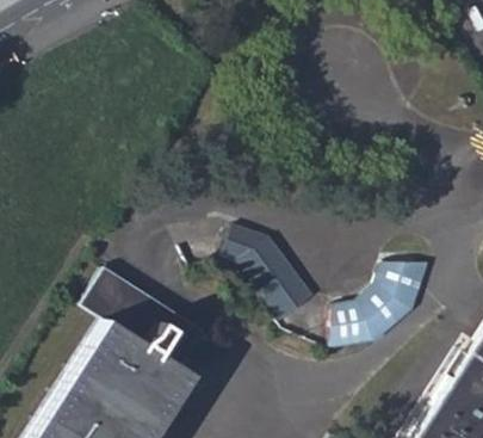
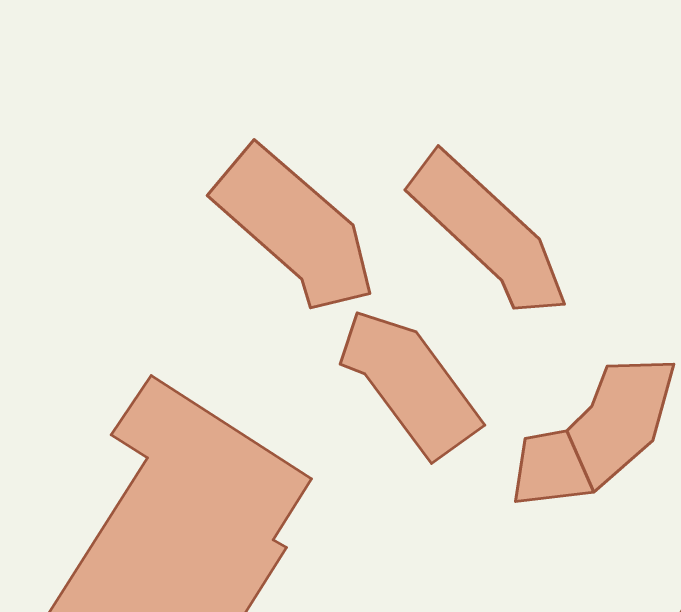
building: none -> [207,139,370,308]
building: none -> [405,146,565,308]

